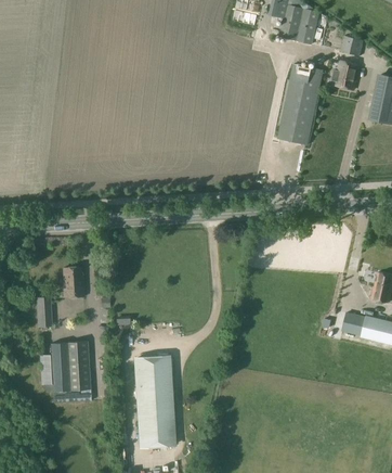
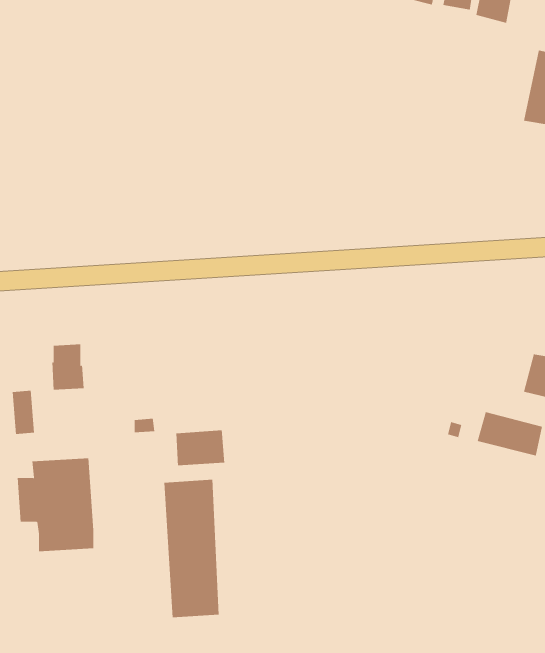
building: [332,60,361,89] -> none
building: [278,63,325,144] -> none
building: none -> [176,429,225,466]

